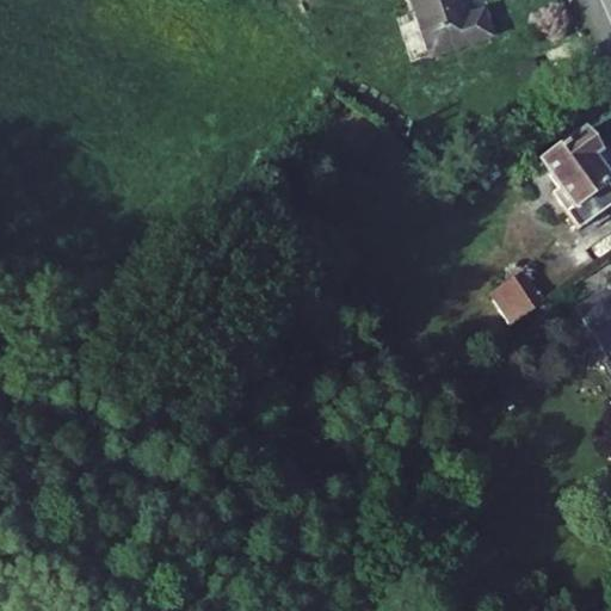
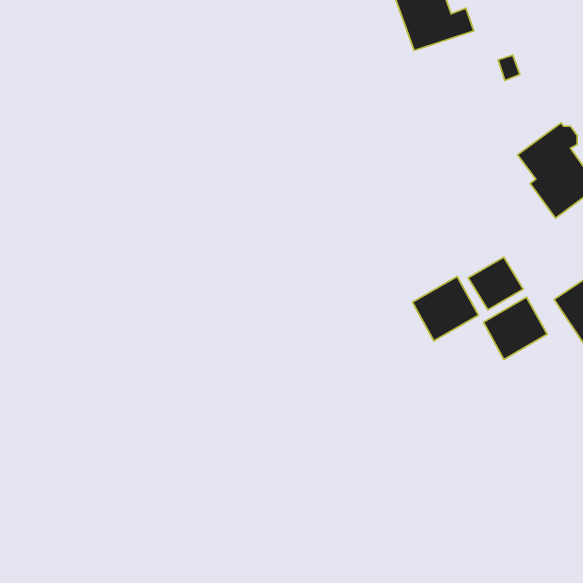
building: none -> [413,276,478,341]
building: none -> [483,297,547,359]

